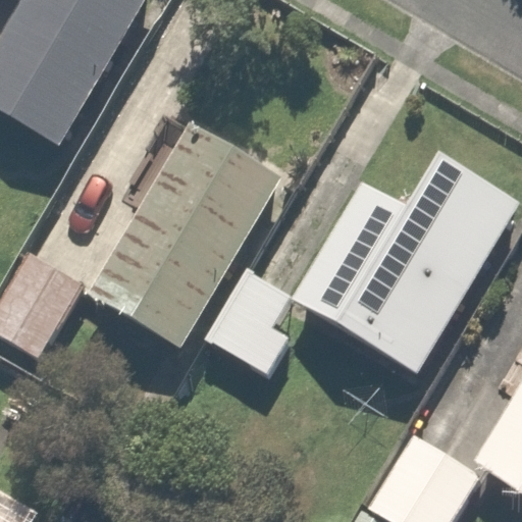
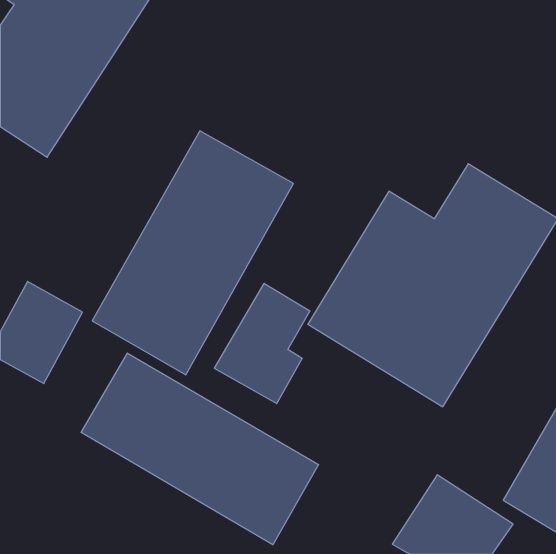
building: none -> [81,353,319,545]

